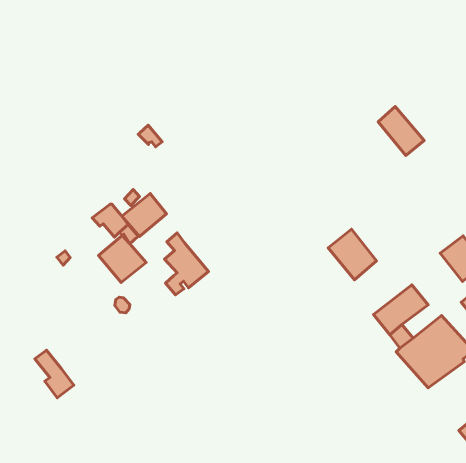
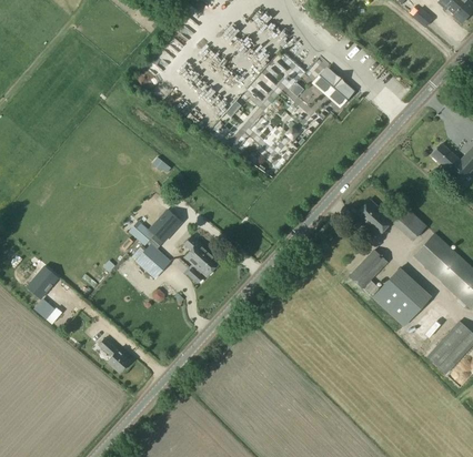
building: [378,107,424,156] -> [315,69,352,104]
building: [328,229,376,280] -> [354,199,392,236]

